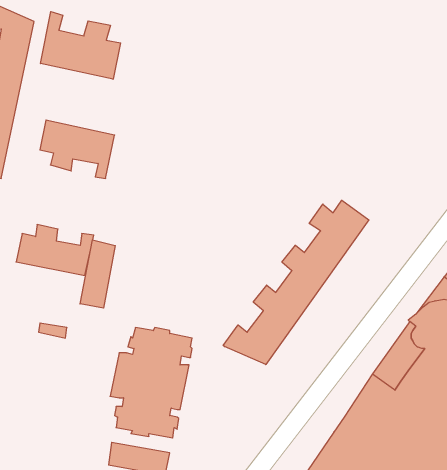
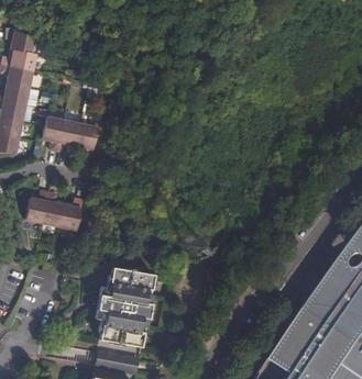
building: [41,12,121,79] -> none
building: [223,200,369,365] -> none
building: [80,240,115,308] -> none

